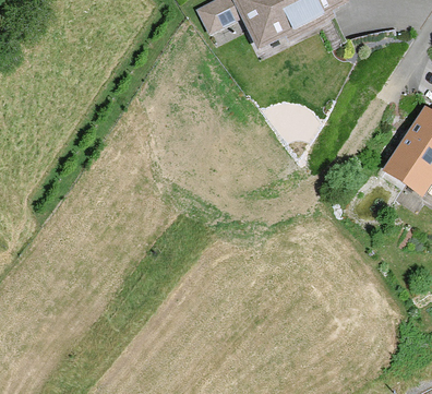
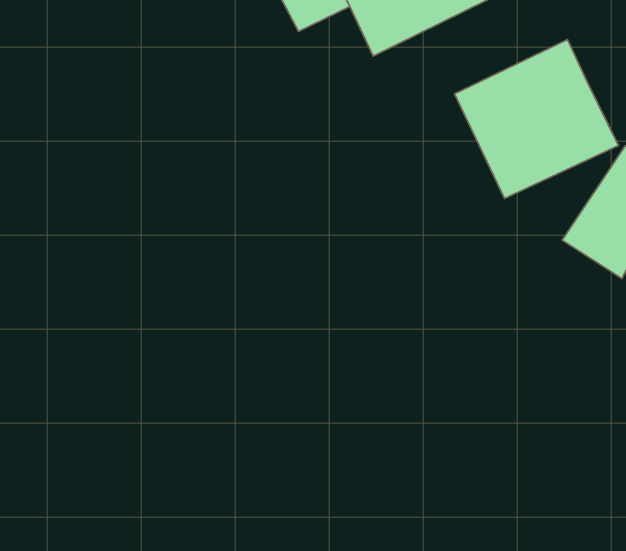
building: none -> [455,40,619,198]

